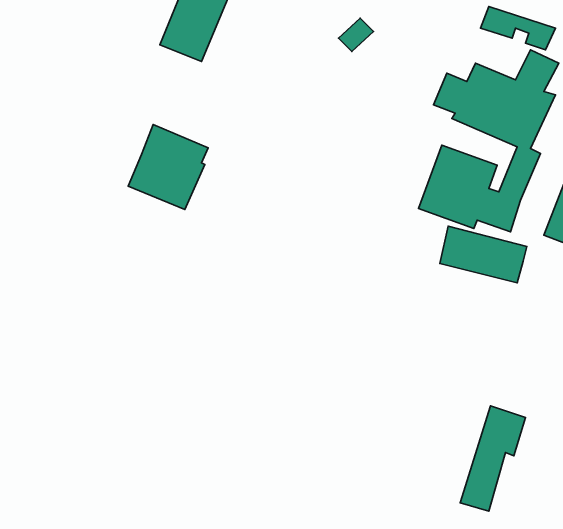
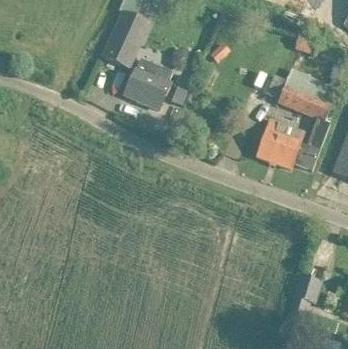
building: [128,124,208,210] -> [125,58,173,109]
building: [440,226,527,283] -> none

